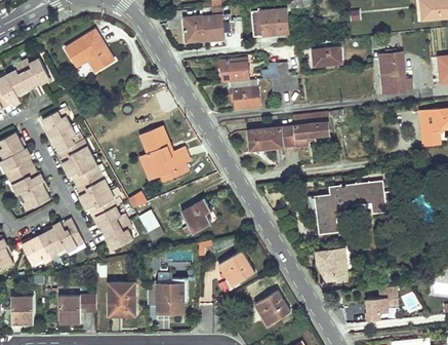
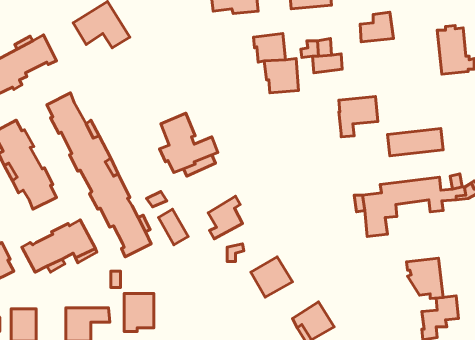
building: [248,125,296,149] -> [387,128,443,156]
building: [316,247,348,282] -> [406,258,443,299]
building: [157,272,184,312] -> none

